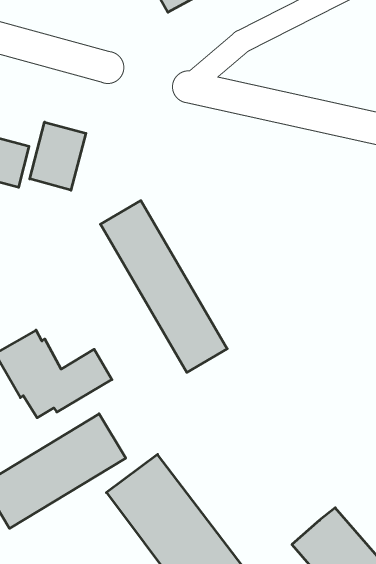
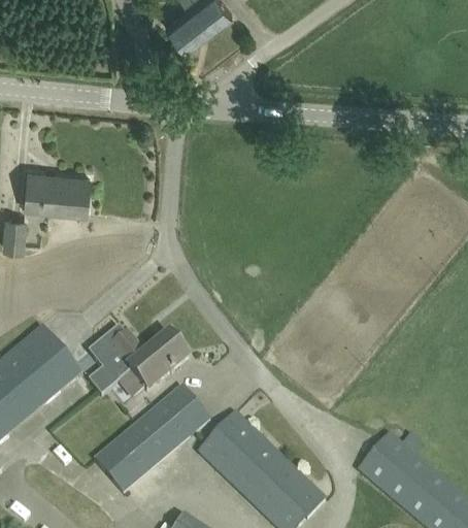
building: [30,122,86,190] -> none
building: [100,201,227,372] -> none

